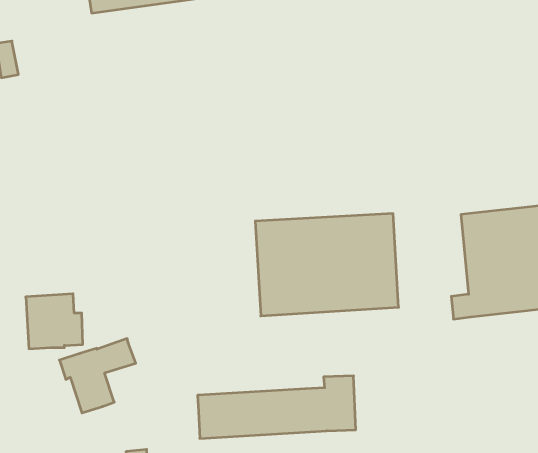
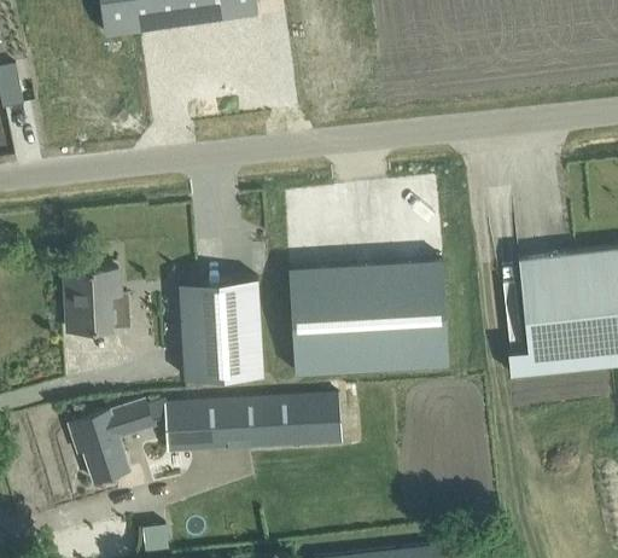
building: none -> [180,279,263,380]
building: [26,294,83,349] -> [65,271,129,332]
building: [198,376,356,438] -> [165,383,343,453]

